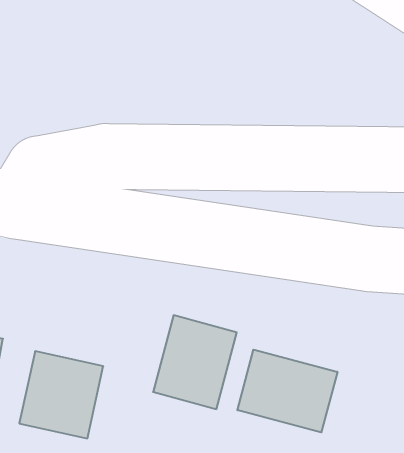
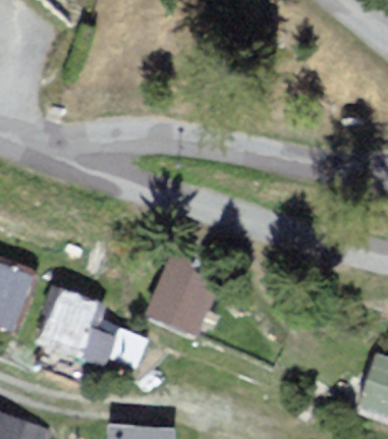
building: [237,350,337,432] -> none

